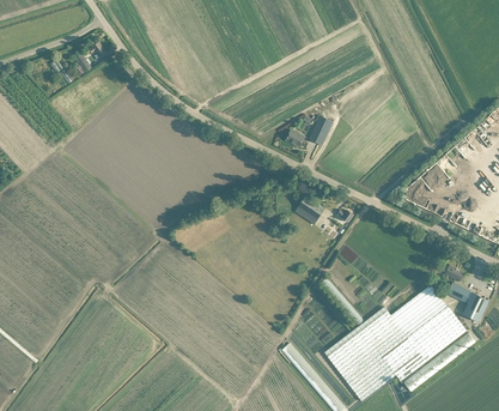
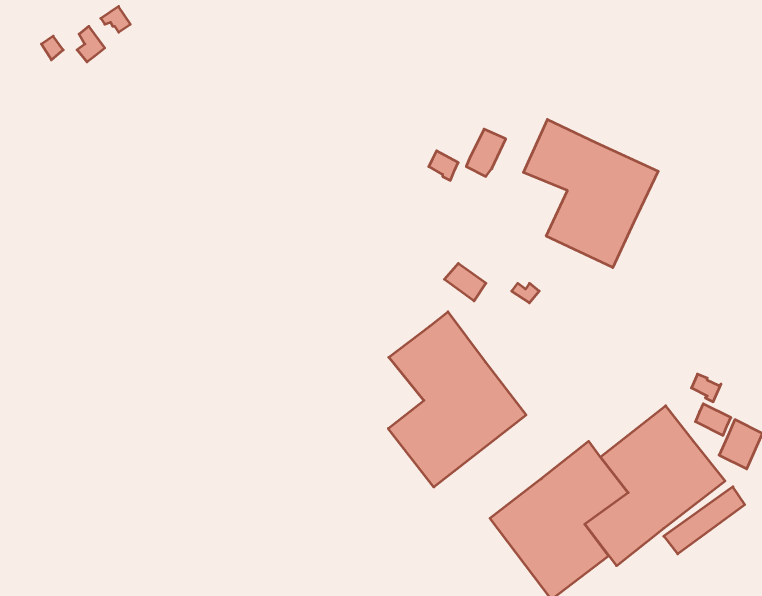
building: none -> [523,119,658,268]
building: none -> [388,312,526,487]

